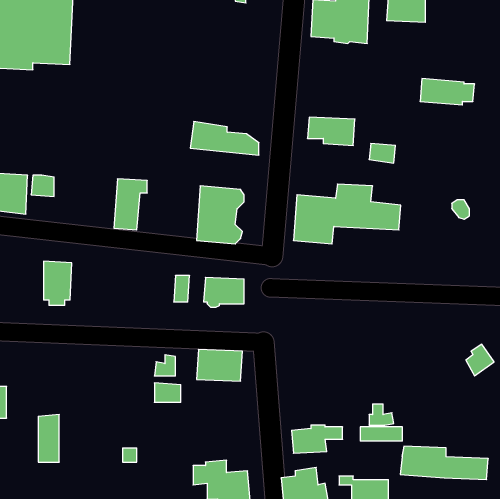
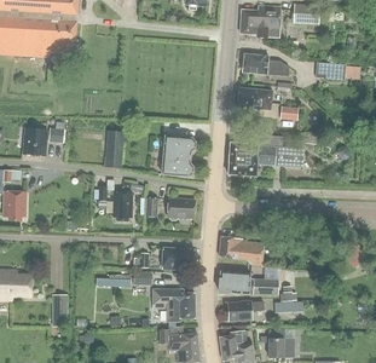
building: [190,122,259,155] -> [241,52,288,75]
building: [44,261,72,305] -> [112,190,132,220]
building: none -> [218,236,262,265]
building: none -> [151,289,193,321]
building: [400,446,488,480] -> [216,271,277,294]

